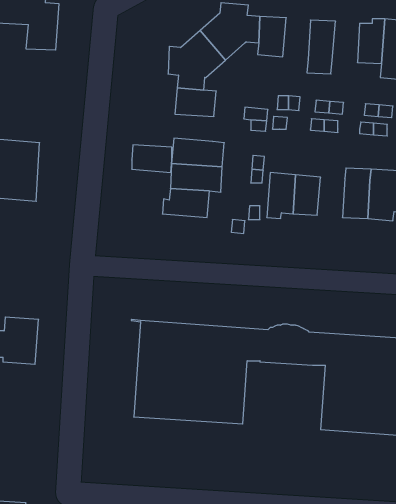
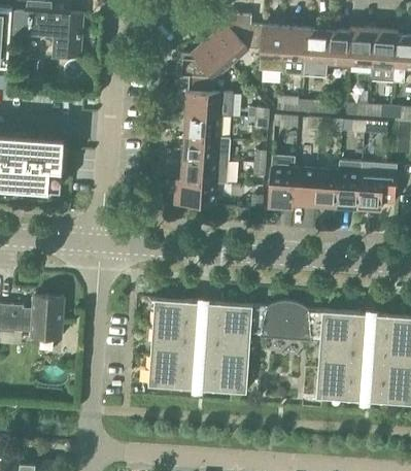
building: none -> [281,27,307,76]
building: none -> [327,30,351,67]
building: [132,145,172,172] -> [184,113,220,138]
building: none -> [313,170,338,206]

